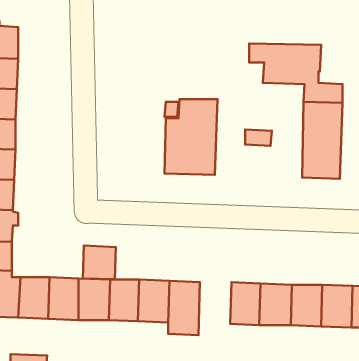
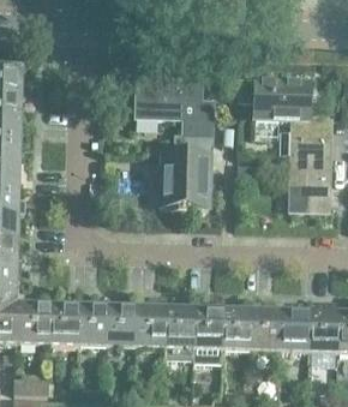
building: none -> [134,77,212,133]
building: [83,246,116,279] -> none
building: none -> [193,307,224,361]

